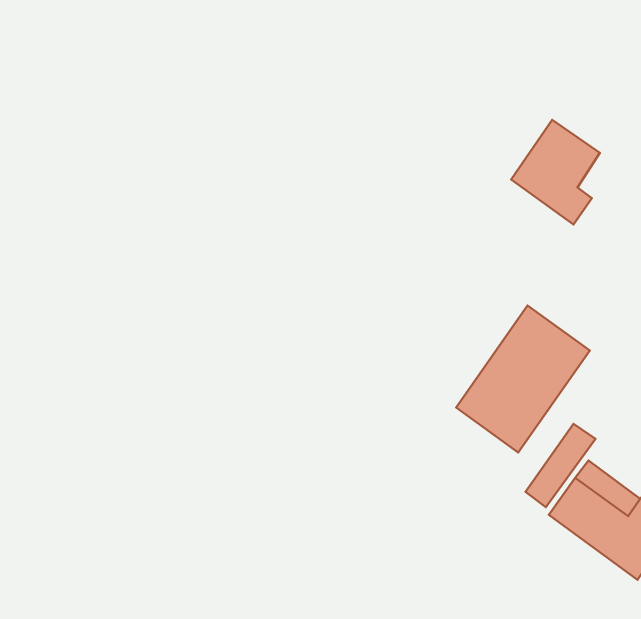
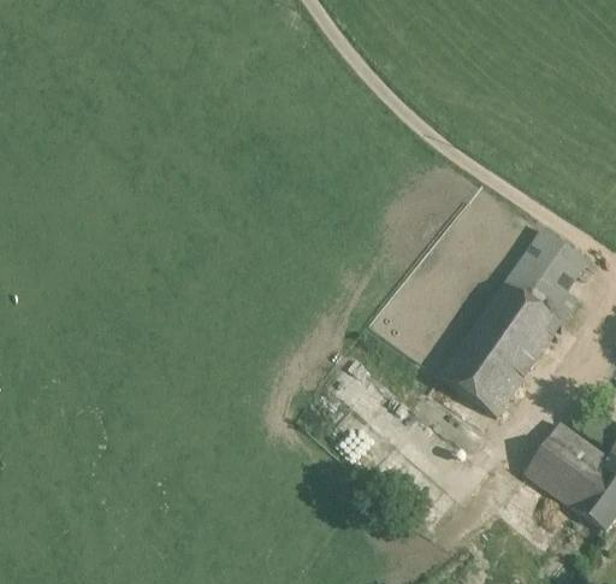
building: [511,120,600,225] -> [505,228,586,323]
building: [526,424,595,507] -> none

